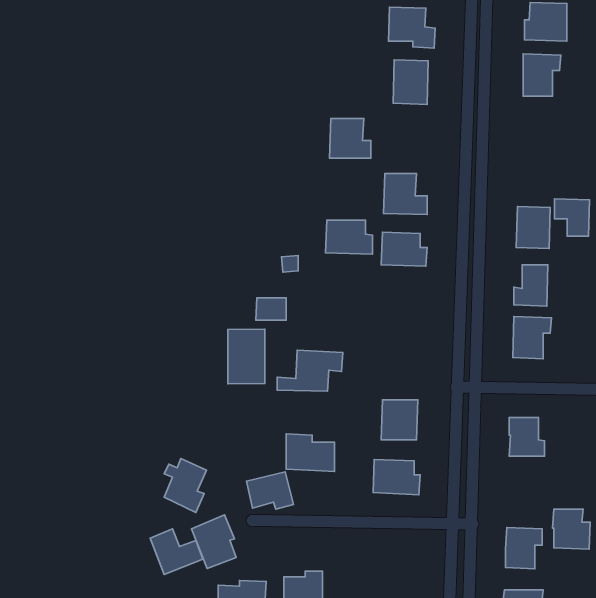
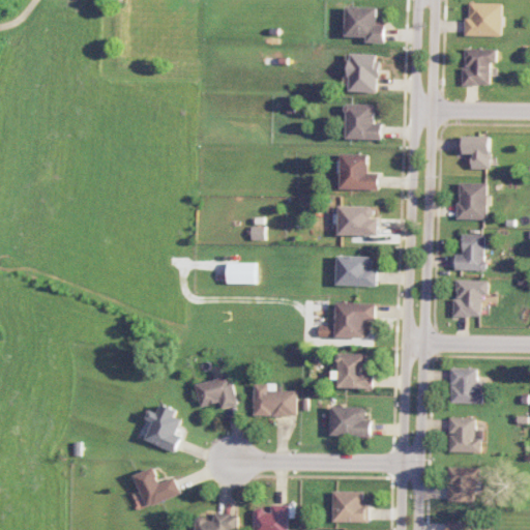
building: [330,118,371,158] -> [344,105,380,140]
building: [554,199,590,236] -> [458,137,489,170]
building: [326,220,373,254] -> [334,257,376,287]
building: [228,329,265,384] -> none
building: [277,350,343,391] -> [317,302,375,338]
building: [247,472,293,509] -> [195,376,236,409]
building: [553,509,590,549] -> [447,418,480,453]
building: [191,515,236,569] -> none
building: none -> [331,492,367,523]

